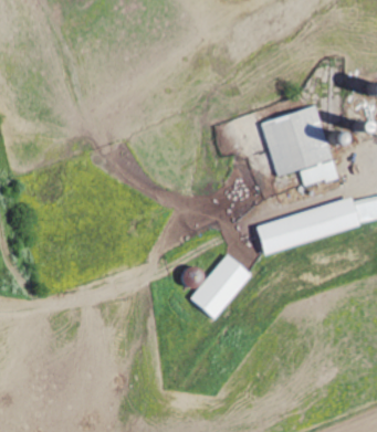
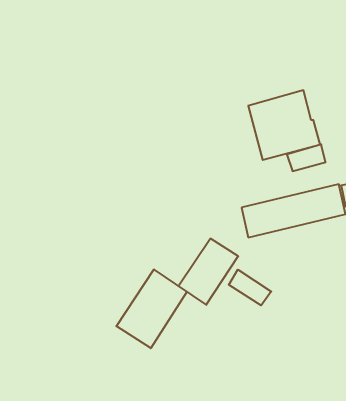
building: none -> [116,269,187,348]
building: none -> [229,270,271,305]

